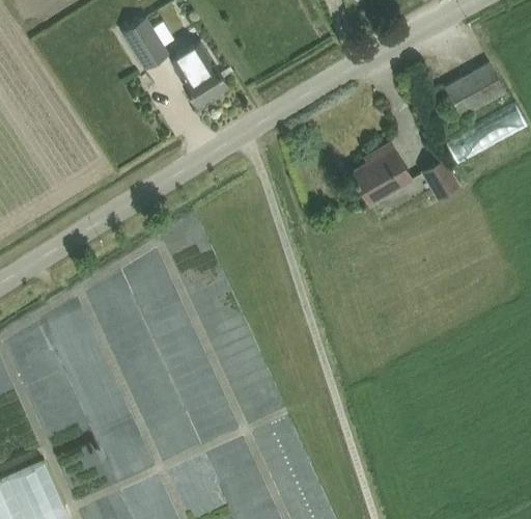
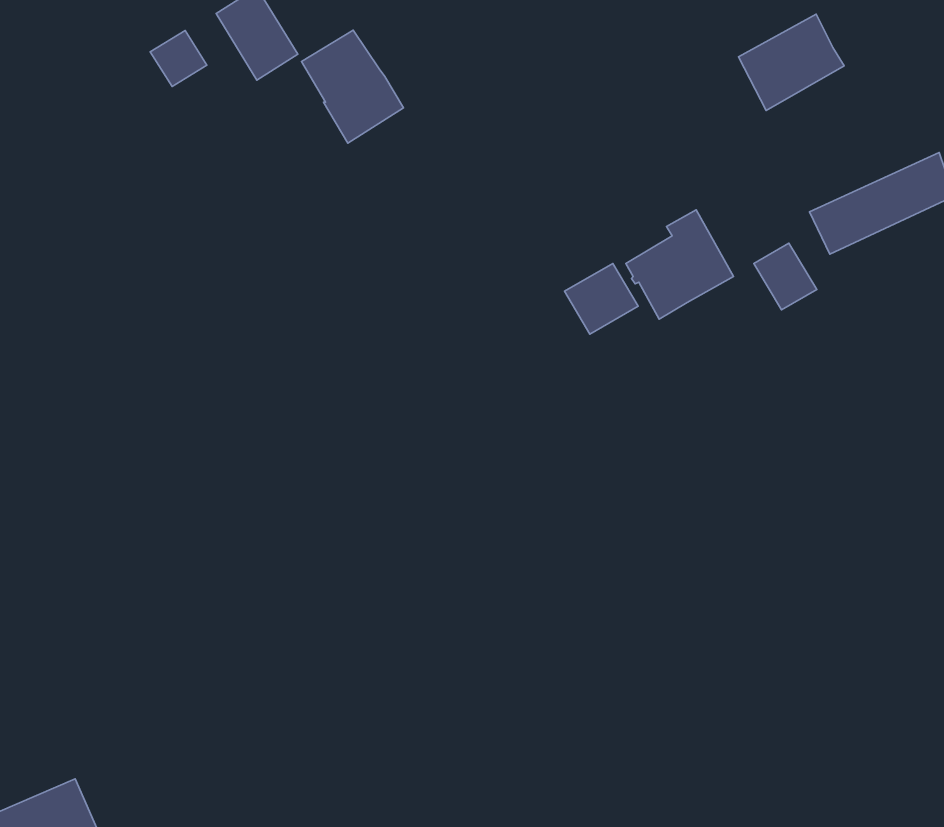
building: none -> [150,31,207,87]
building: [445,62,504,116] -> [738,14,844,110]
building: none -> [564,264,638,334]

